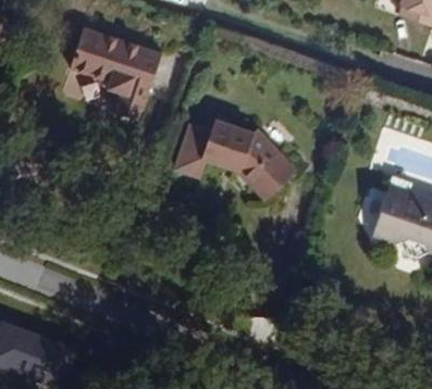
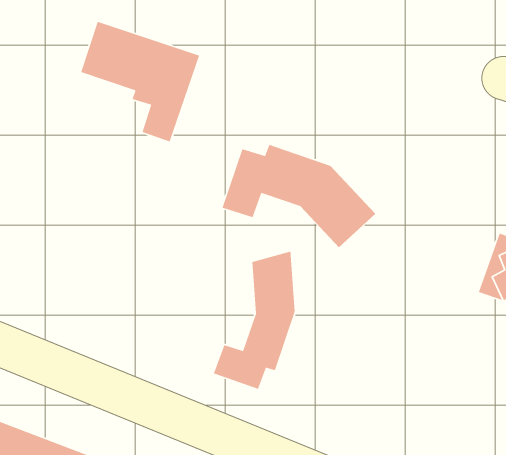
building: none -> [213,251,295,390]

